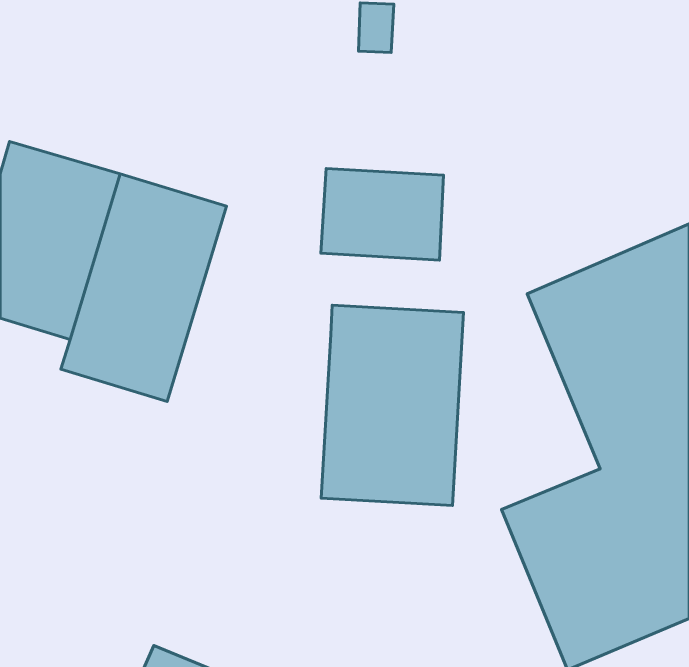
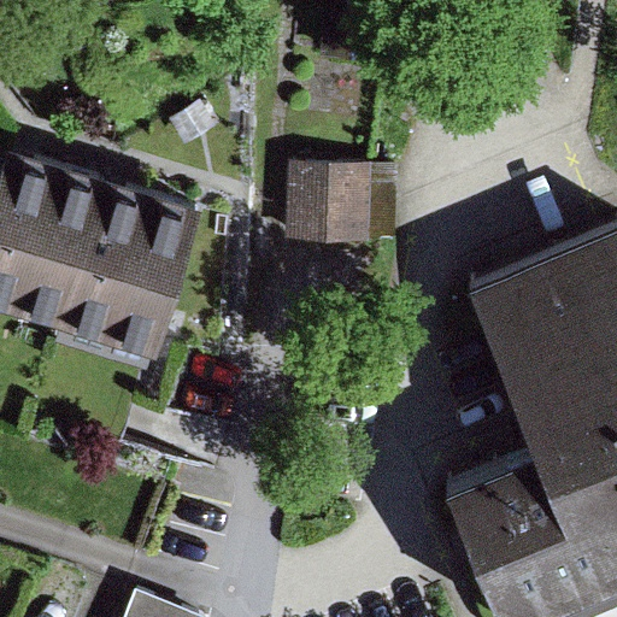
building: [321,305,463,505] -> none

